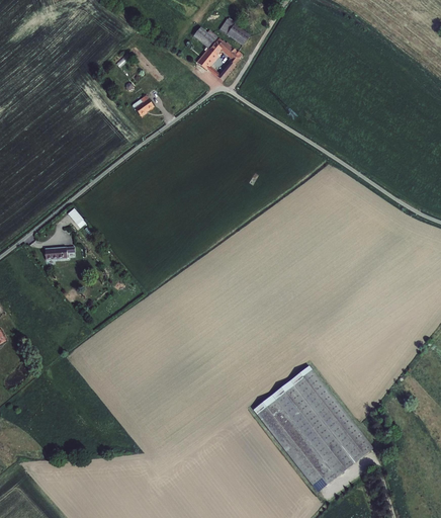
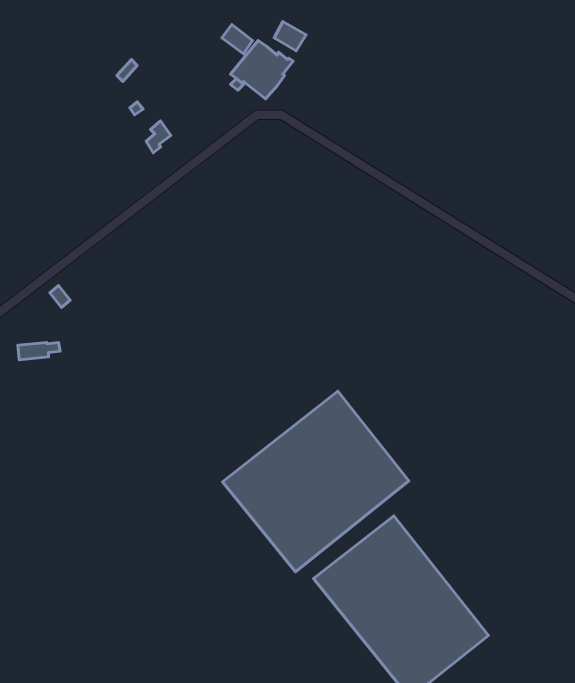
building: none -> [223,391,409,572]

